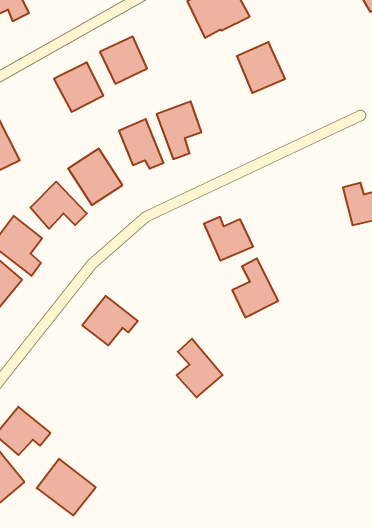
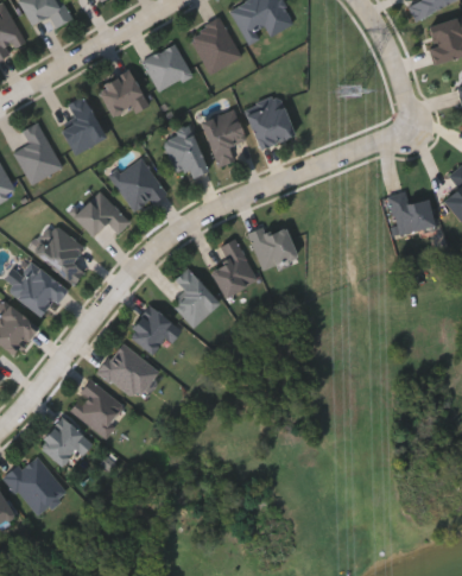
building: none -> [189,18,243,75]
building: [237,42,285,93] -> [247,99,296,150]
building: none -> [62,95,106,154]
building: [232,258,278,317] -> [211,239,258,298]
building: none -> [99,342,159,400]
building: [177,339,223,398] -> [173,267,220,327]
building: [37,459,96,515] -> [69,380,128,437]

